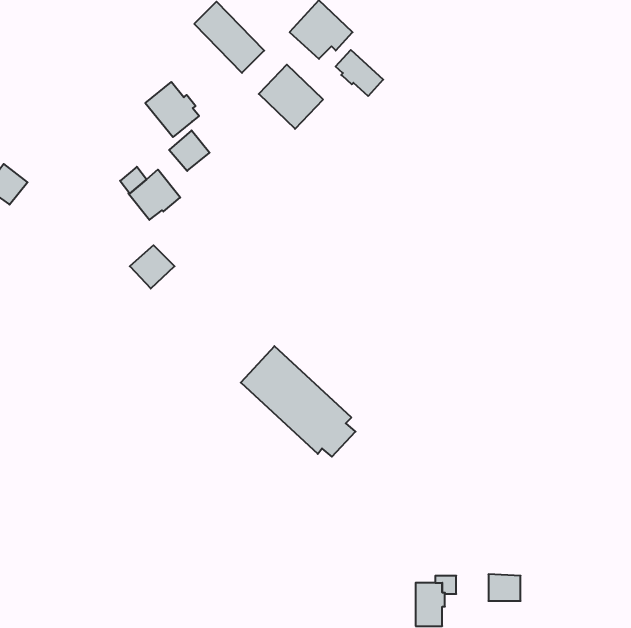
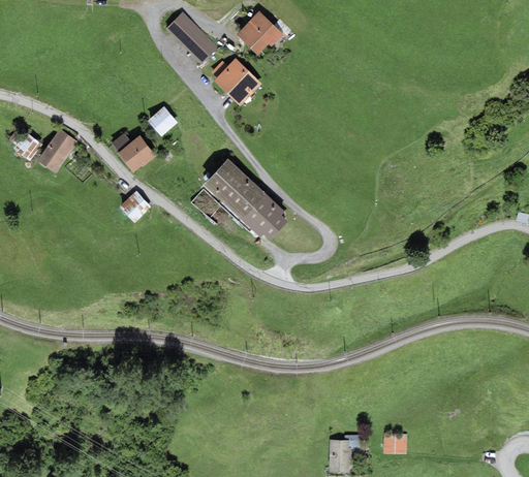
building: [336,50,383,96] -> none
building: [145,82,199,137] -> none
building: none -> [36,129,77,173]
building: [241,346,356,457] -> [203,158,287,240]

